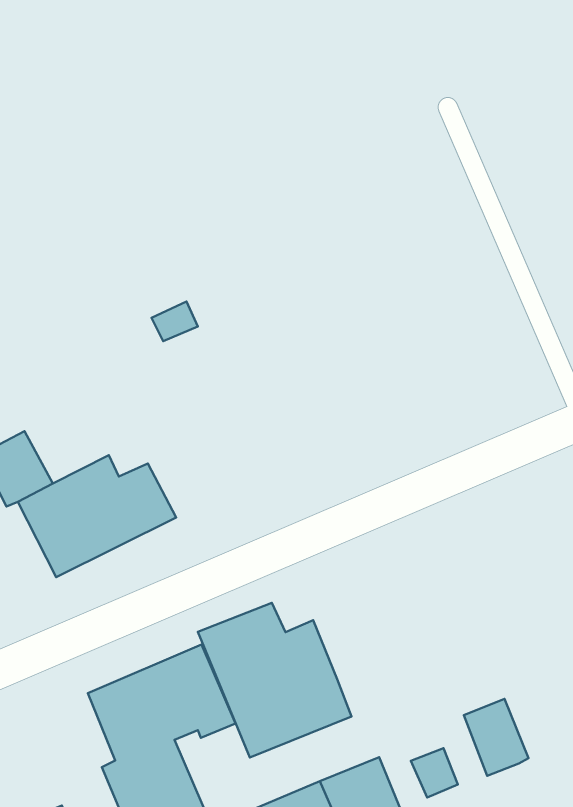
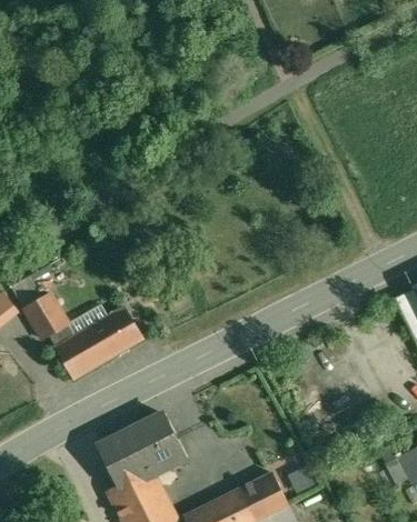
building: [198,603,351,758] -> none
building: [464,699,529,776] -> none

